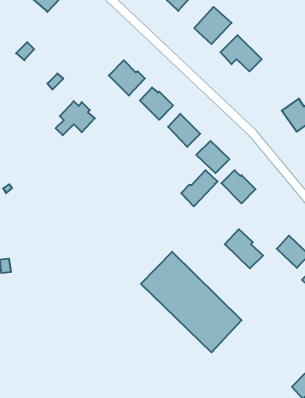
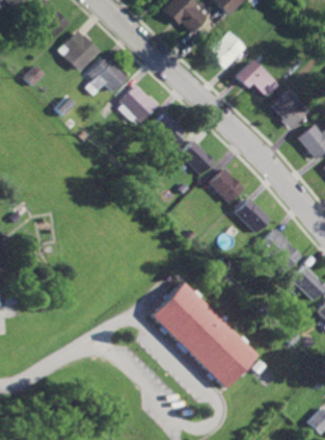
building: none -> [58,30,98,71]
building: none -> [270,90,308,129]
building: [56,101,95,135] -> [85,59,126,95]
building: [181,170,218,206] -> none
building: [225,229,263,268] -> [262,229,301,269]

